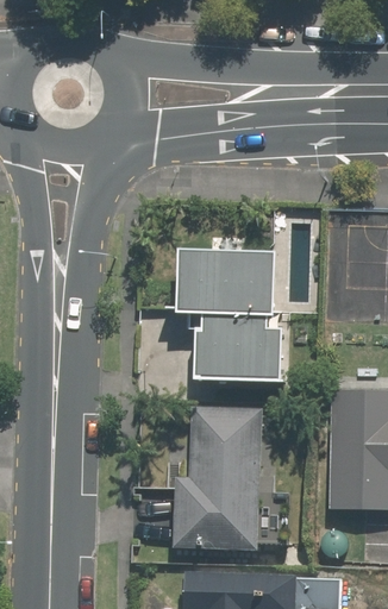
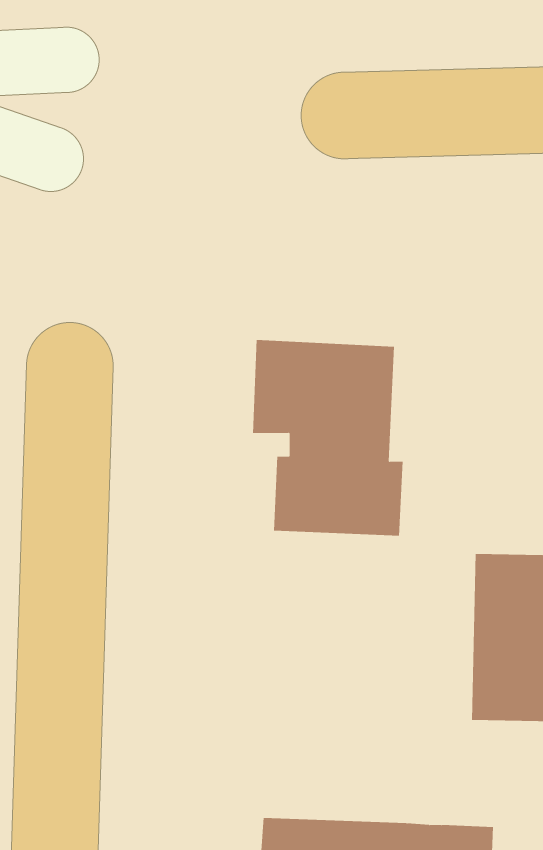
building: [173,408,262,548] -> none

